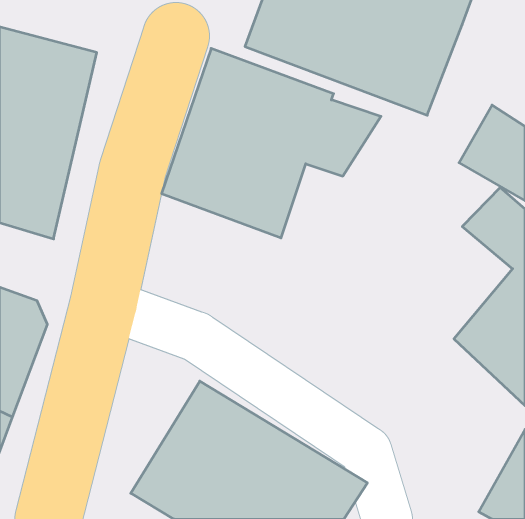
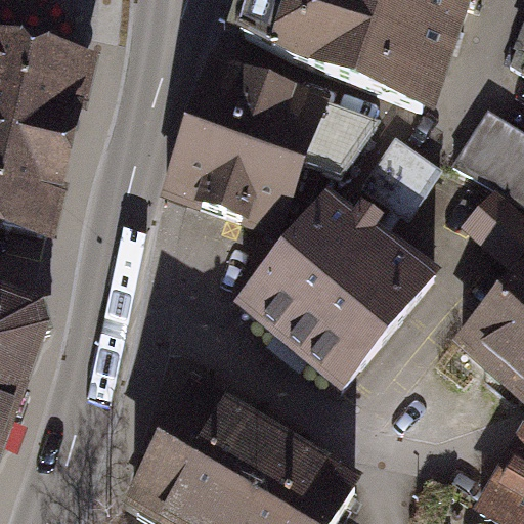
building: none -> [234,186,438,393]

